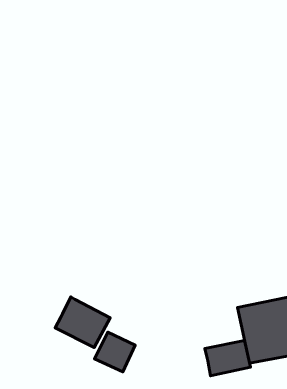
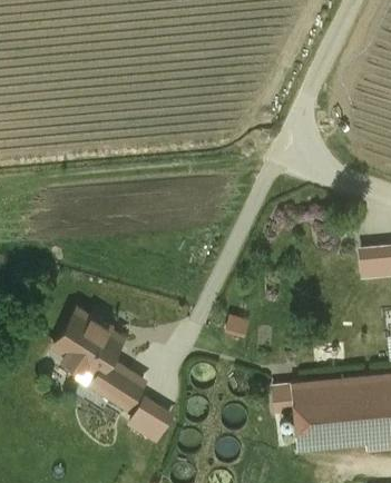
building: none -> [50,306,125,375]
building: [205,341,250,376] -> none

